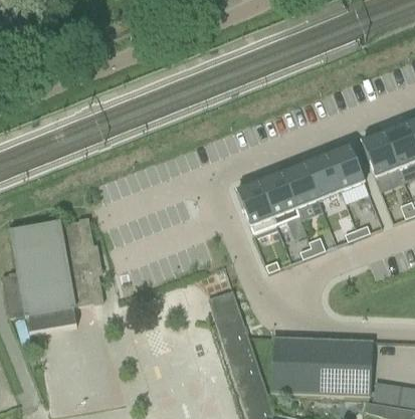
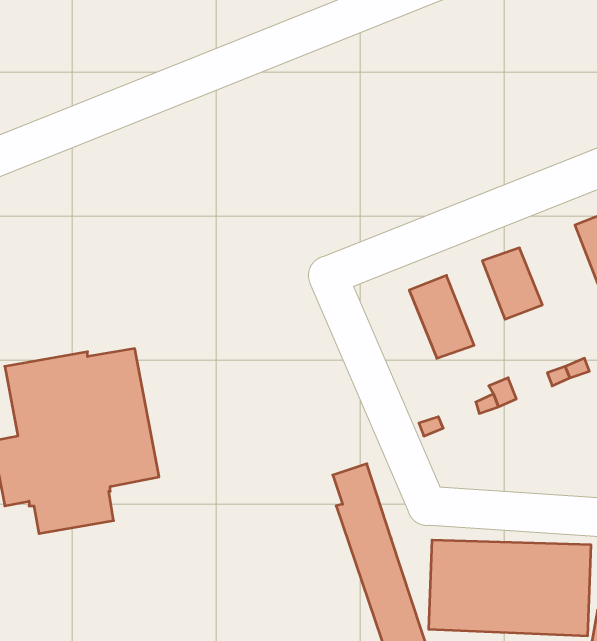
building: [327,145,364,190] -> none
building: [281,163,318,215] -> none
building: [236,181,275,232] -> none

